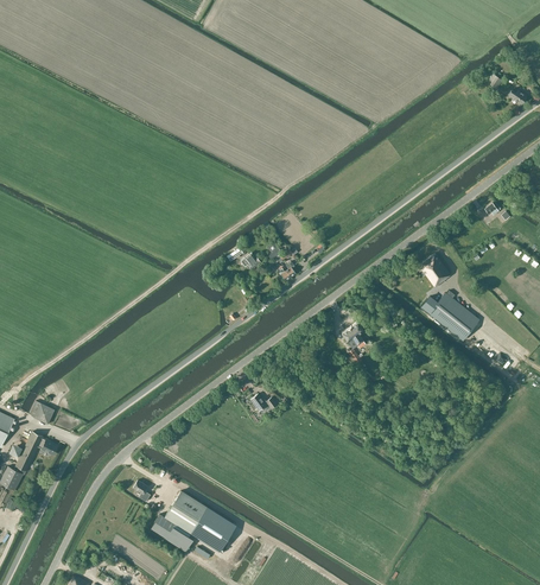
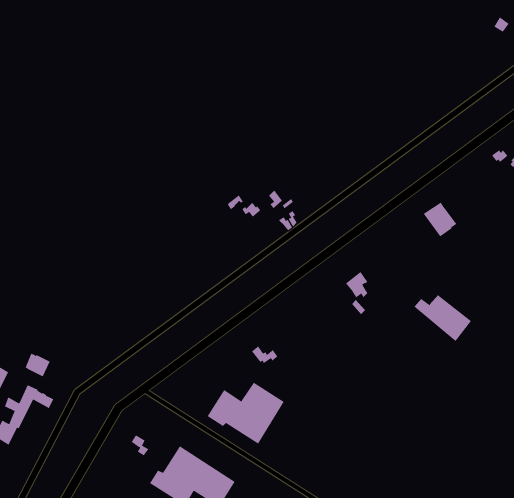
building: [420,293,477,339] -> [413,294,472,342]
building: none -> [207,382,284,445]

